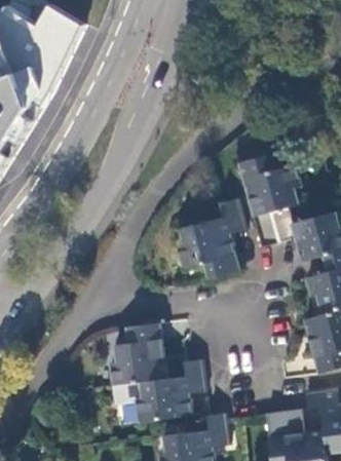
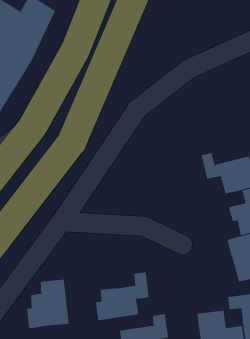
building: [236,155,298,245] -> none
building: [177,197,244,278] -> none
building: [109,322,164,386] -> [26,279,69,329]

